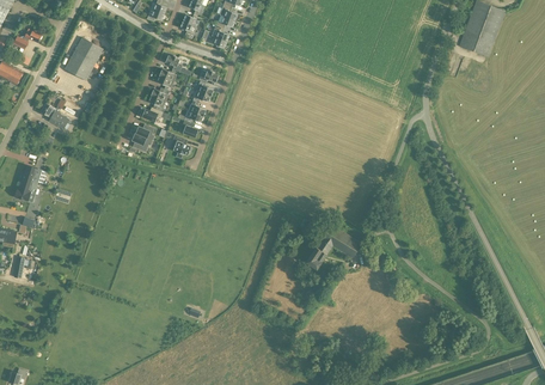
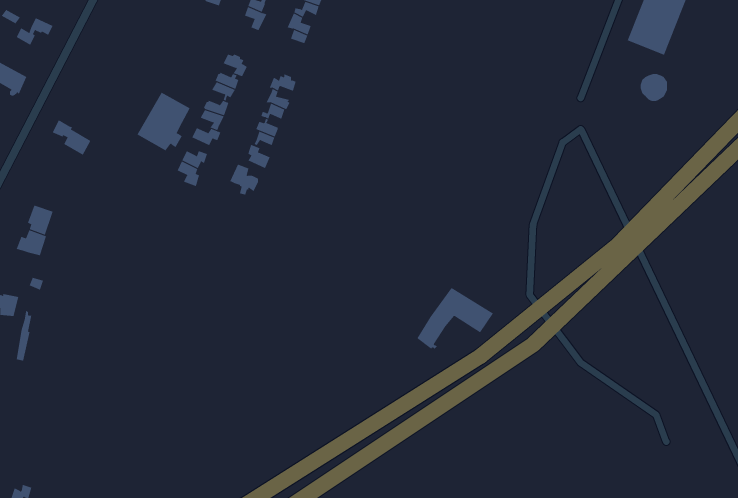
building: [65,37,104,80] -> [136,92,191,151]

